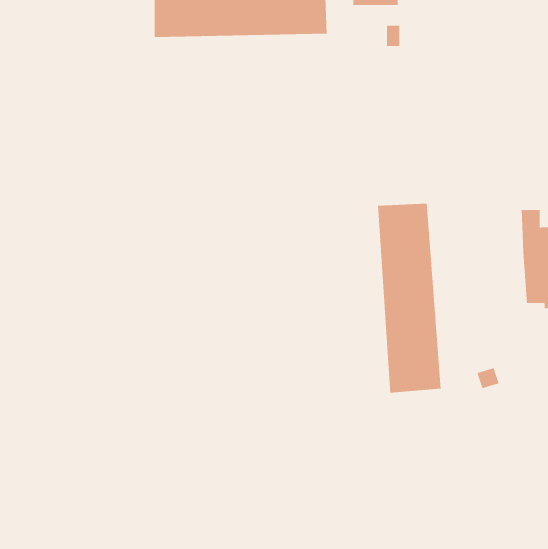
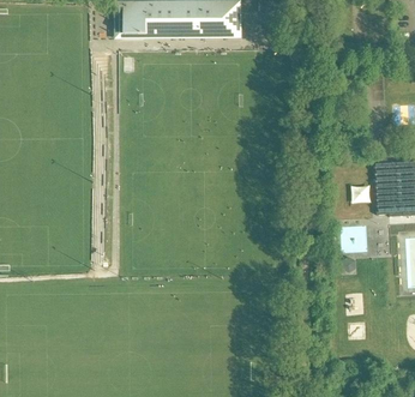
building: [378,203,441,394] -> none

